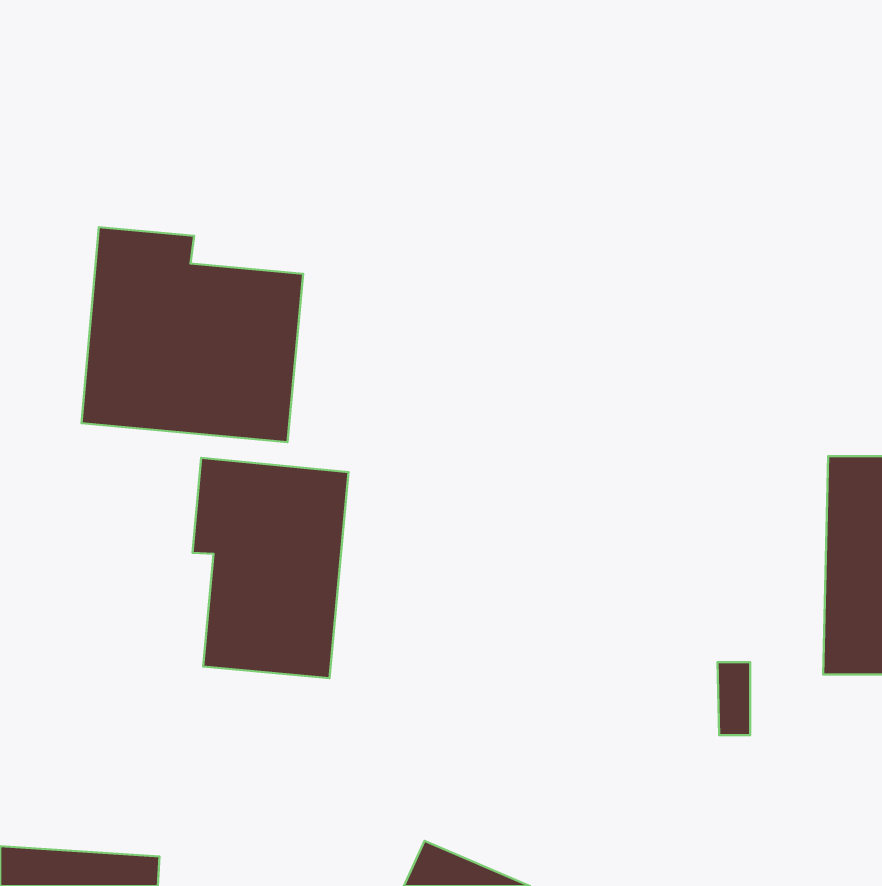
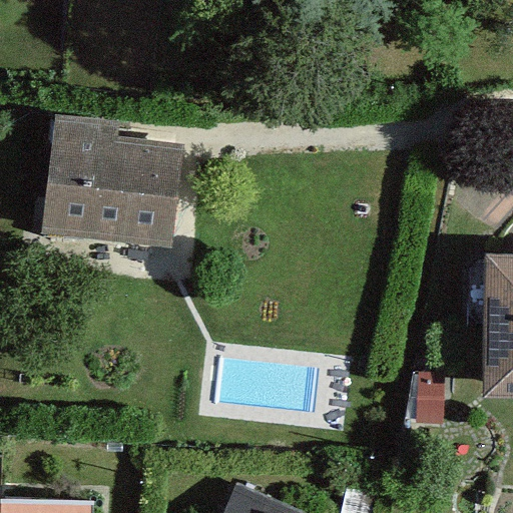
building: [192,458,349,678] -> none

